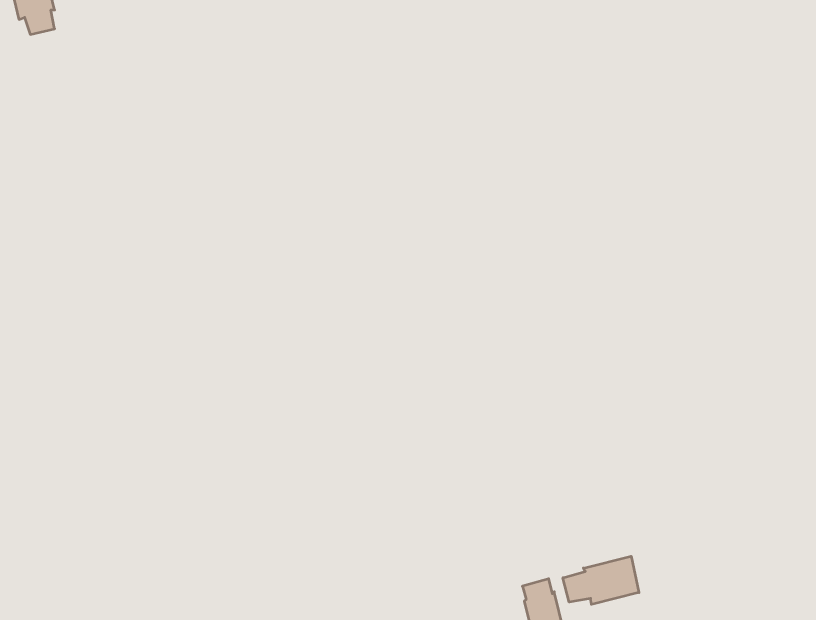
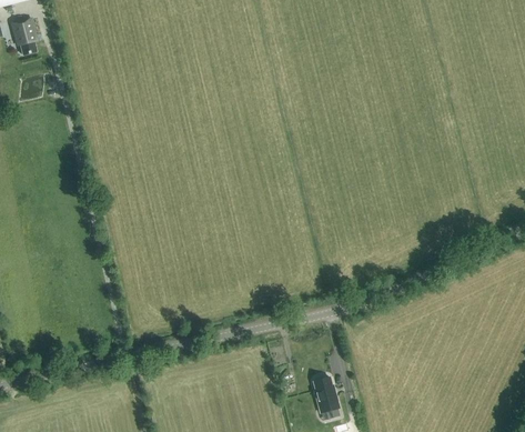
building: [563,556,639,604] -> none

